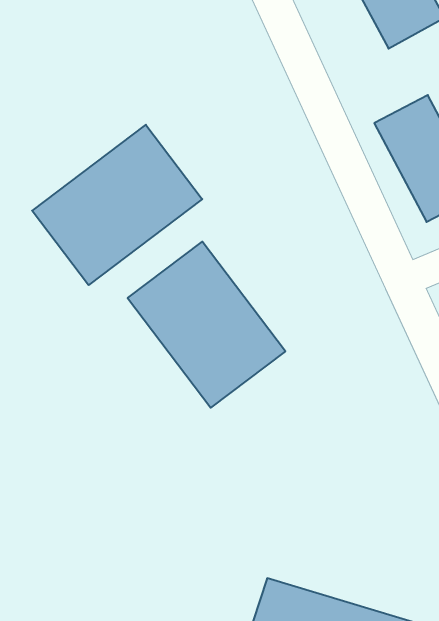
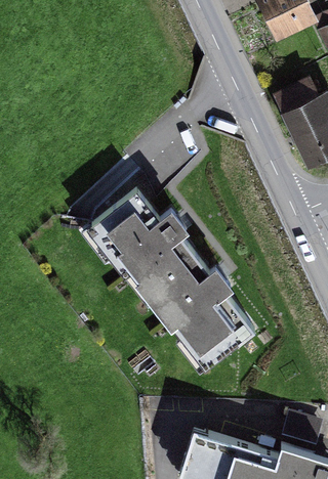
building: [32,125,202,285] -> none
building: none -> [154,266,258,374]

